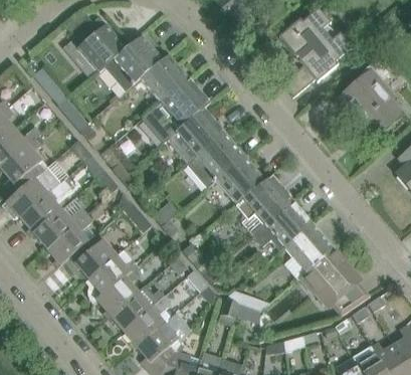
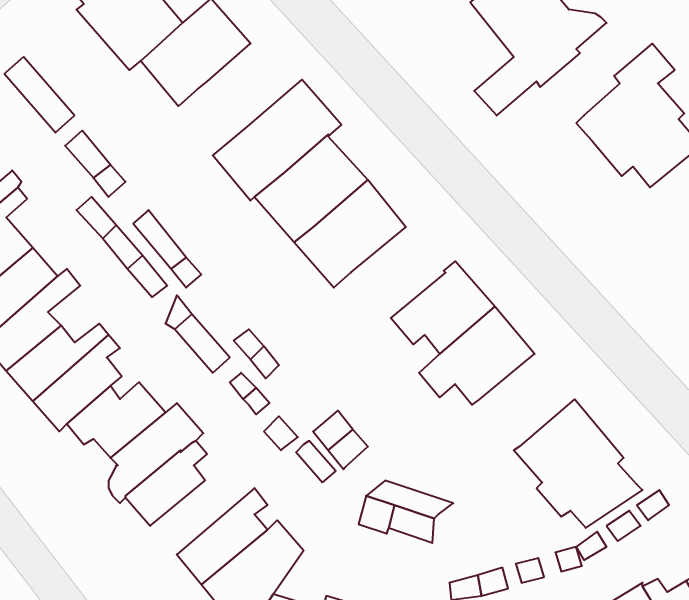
building: [140,54,190,104] -> none
building: [216,157,266,205] -> none
building: [284,224,335,273] -> none
building: [110,286,165,331] -> none

